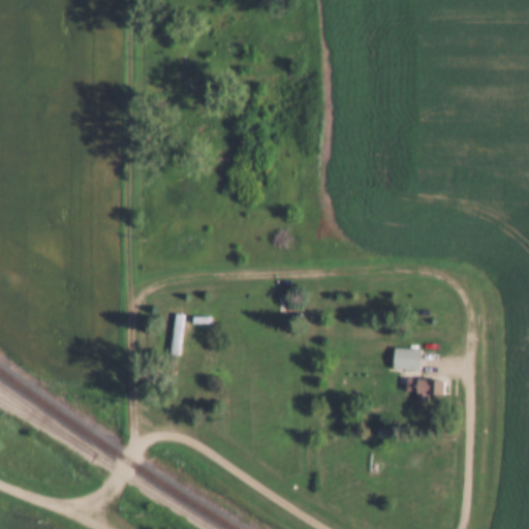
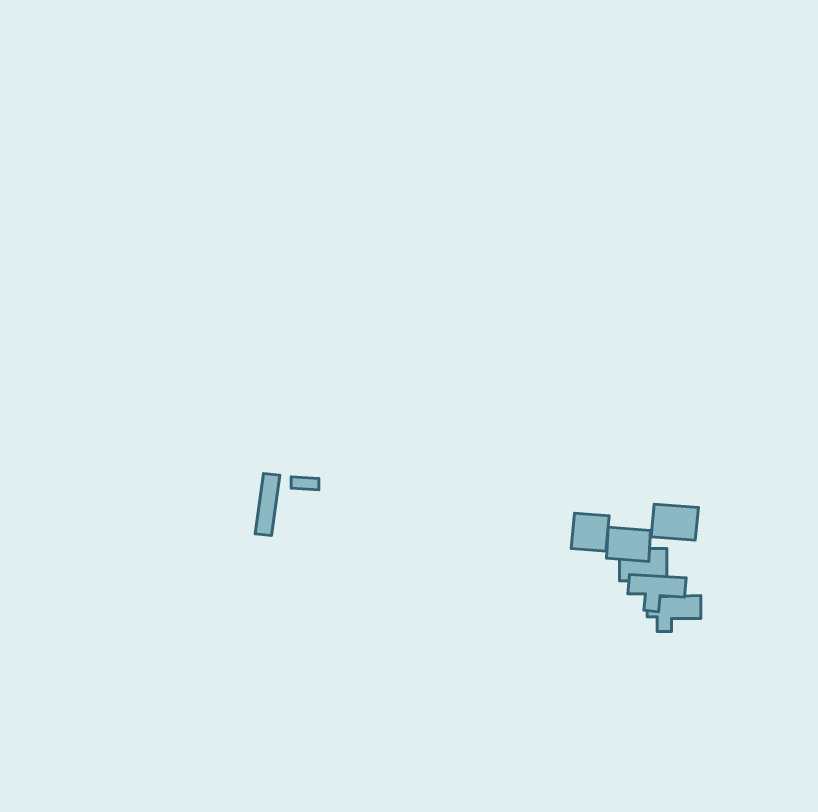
building: none -> [651,504,699,540]
building: none -> [571,513,609,551]

